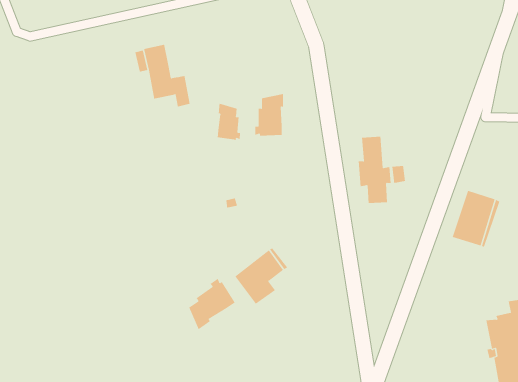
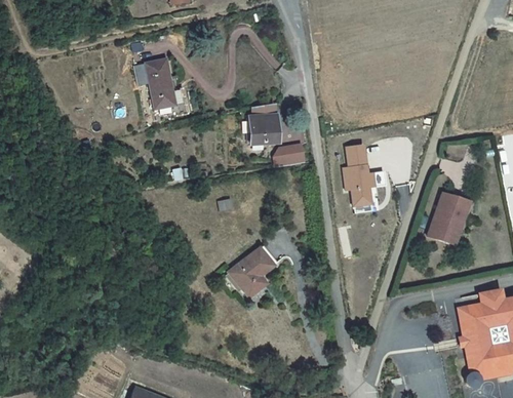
building: [217,103,241,140] -> none
building: none -> [275,141,307,163]
building: [189,278,235,330] -> none

